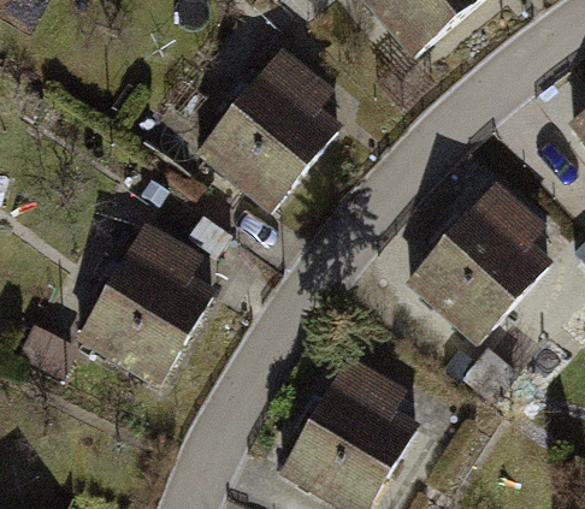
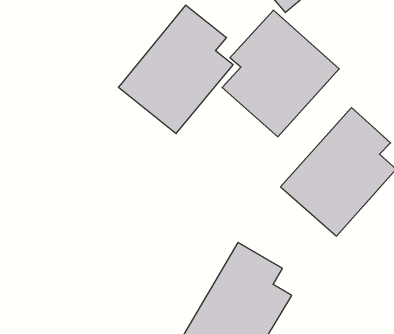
building: none -> [222,10,339,137]
building: [73,220,214,387] -> none

